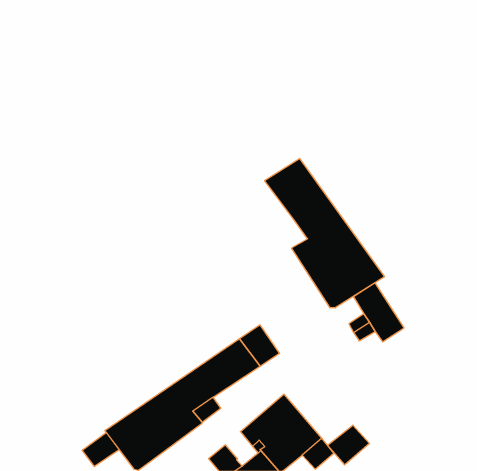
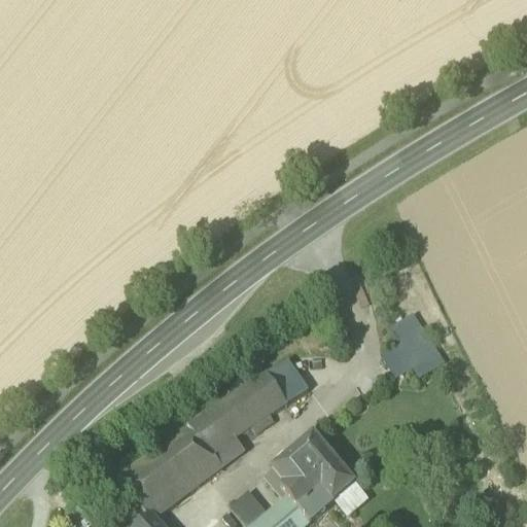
building: [265,158,384,308] -> none
building: [327,425,369,465] -> none
building: [82,433,119,467] -> none

